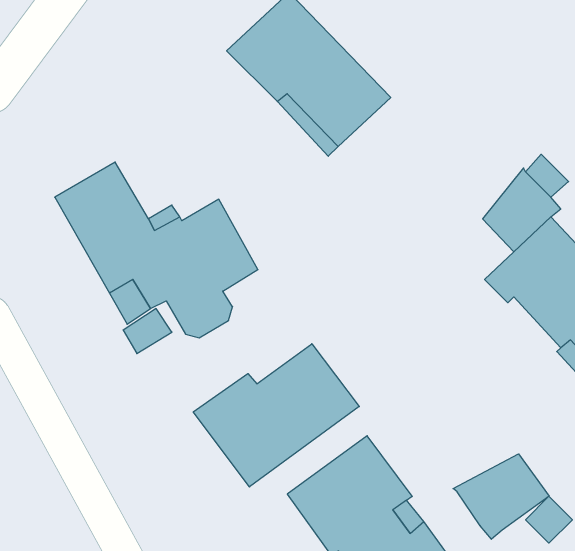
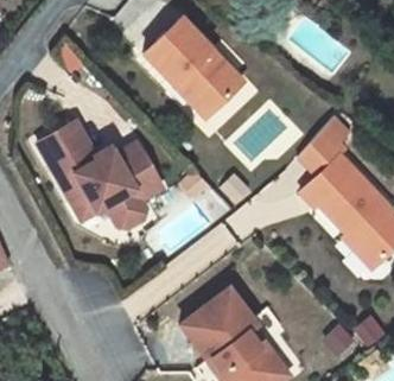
building: [193,344,359,487] -> none
building: [453,454,549,539] -> none

